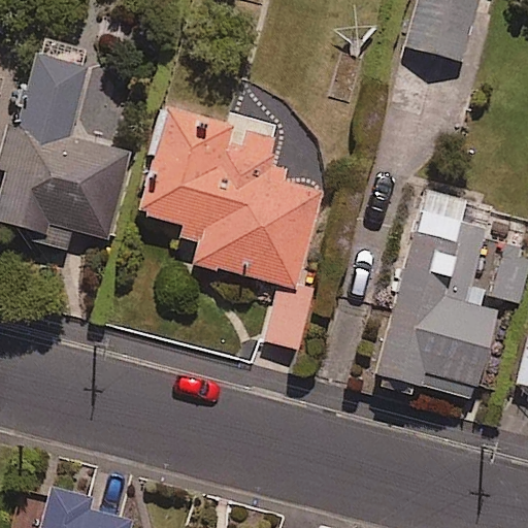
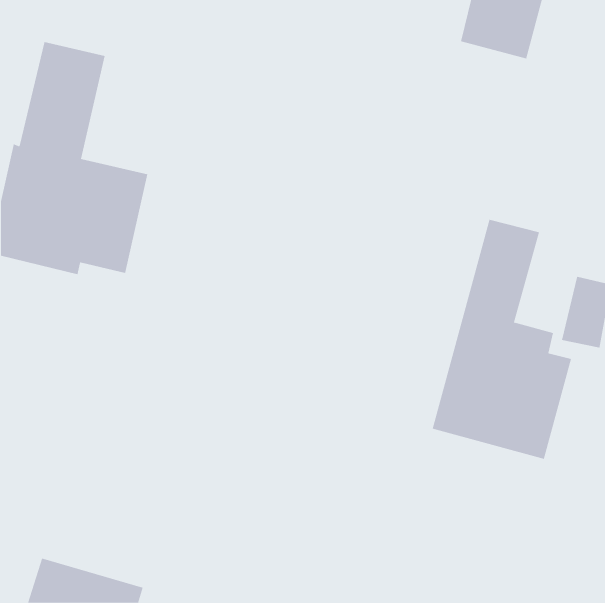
building: [141,111,323,348] -> none

